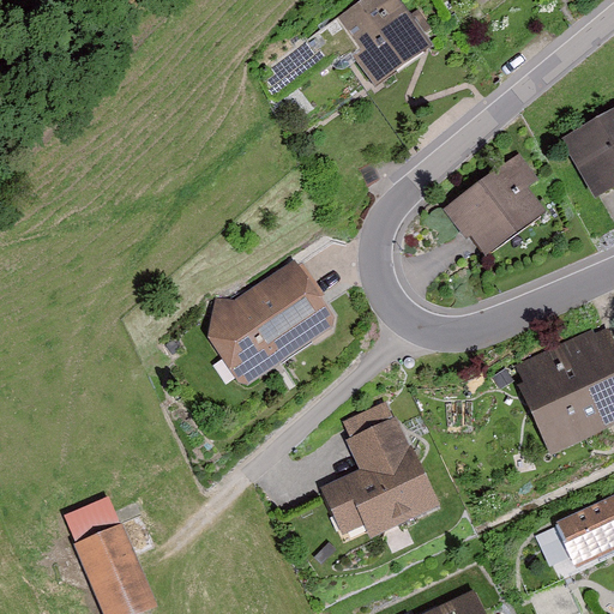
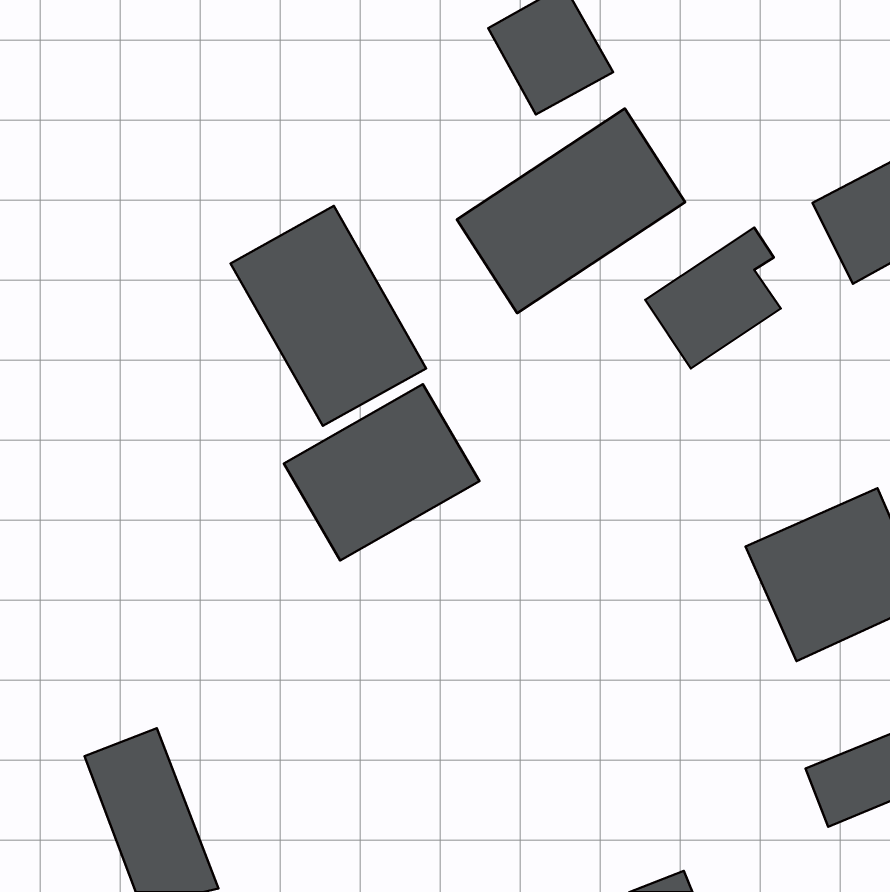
building: none -> [457,109,685,313]
building: none -> [230,206,426,426]
building: [319,416,435,536] -> none

